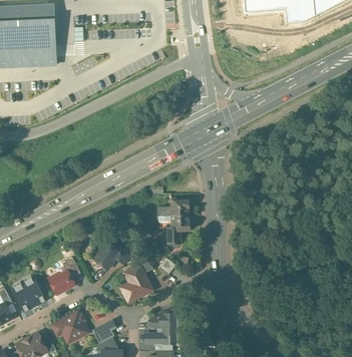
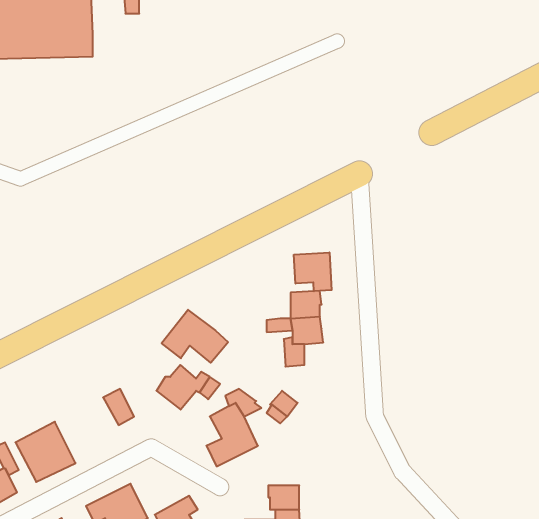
building: none -> [294,252,332,291]
building: none -> [162,310,228,363]
building: [48,271,75,294] -> none

